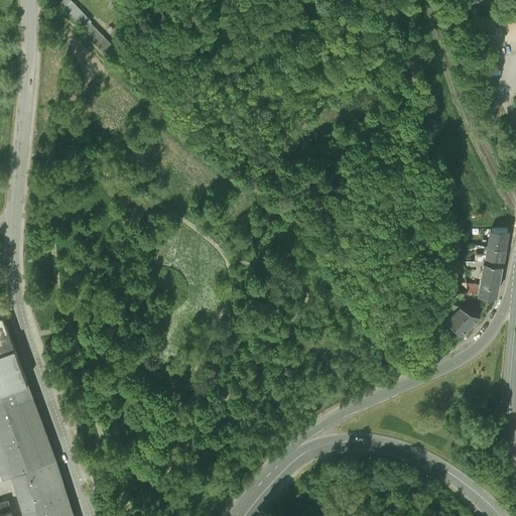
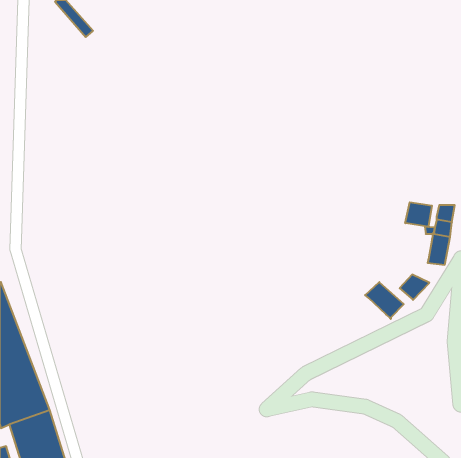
building: none -> [405,202,432,227]
building: none -> [365,282,404,319]

